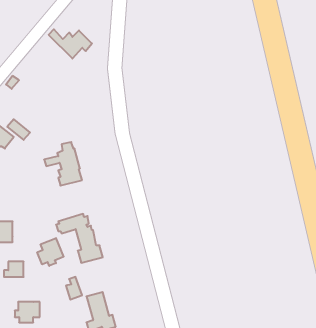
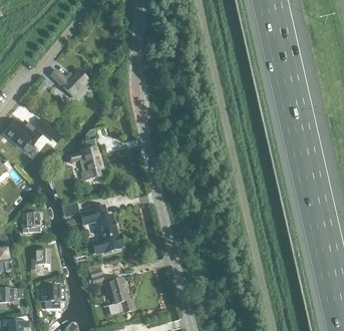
building: [49,29,92,59] -> [50,68,90,95]
building: [37,238,64,266] -> none

